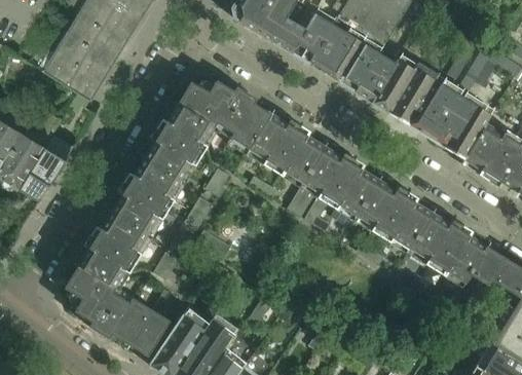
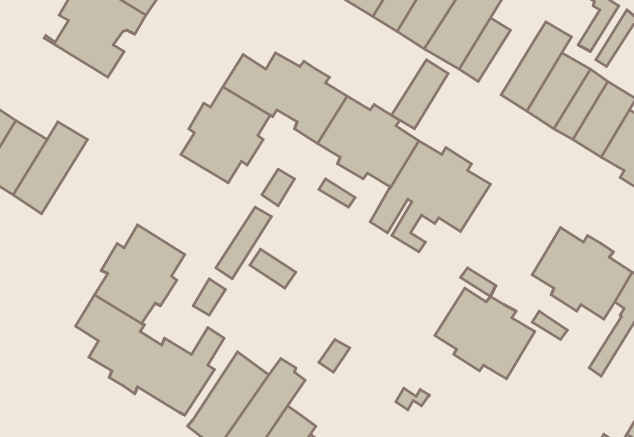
building: [371,60,414,112] -> [391,60,448,129]
building: [112,157,181,233] -> none
building: [358,180,434,249] -> [435,288,535,379]

